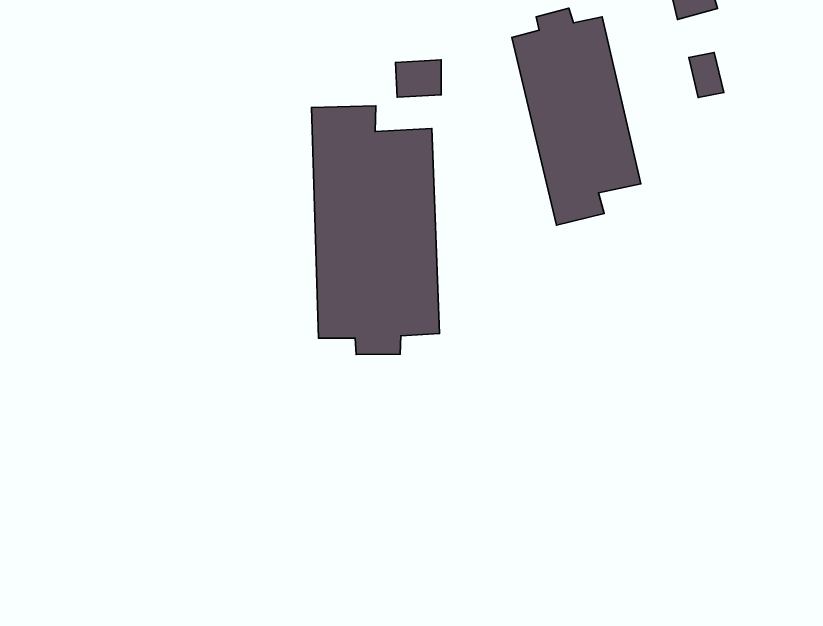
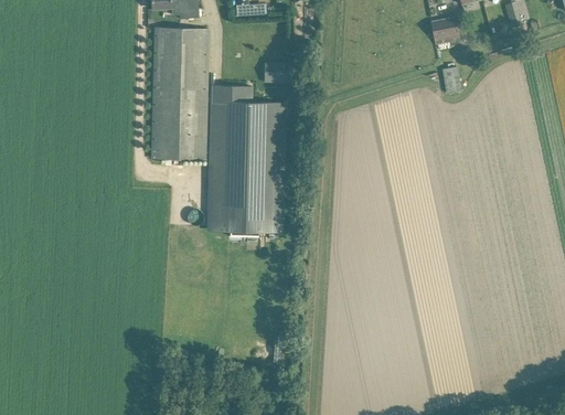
building: [512,8,641,225] -> none
building: none -> [151,28,207,159]

